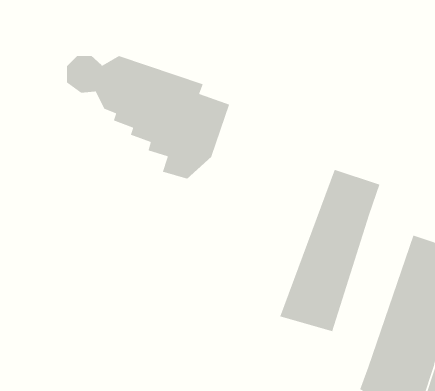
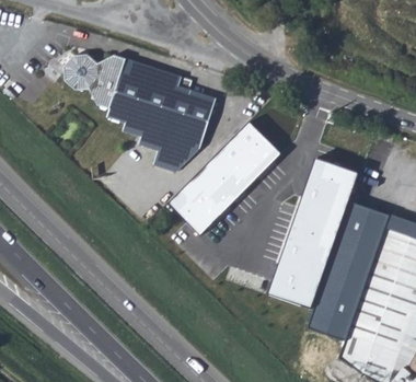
building: none -> [169,123,280,235]
building: none -> [308,201,390,340]

